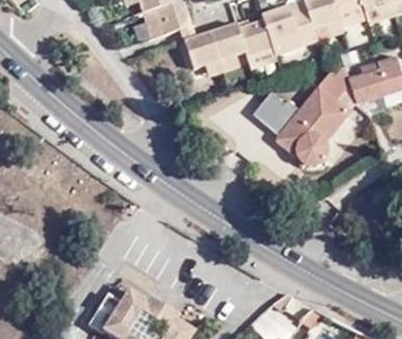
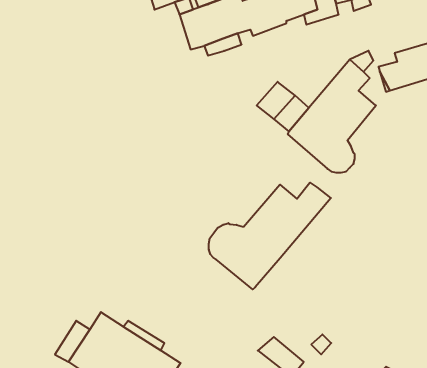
building: none -> [209,183,331,289]

